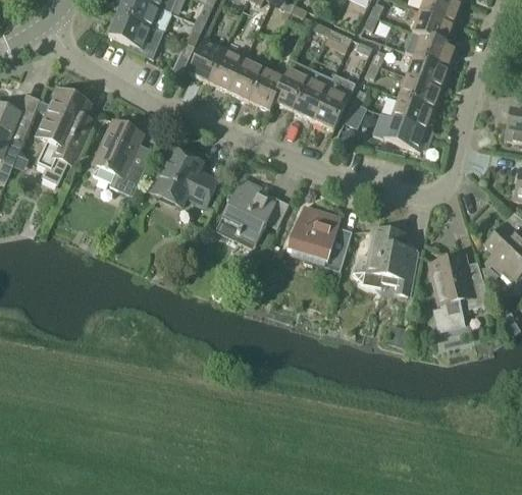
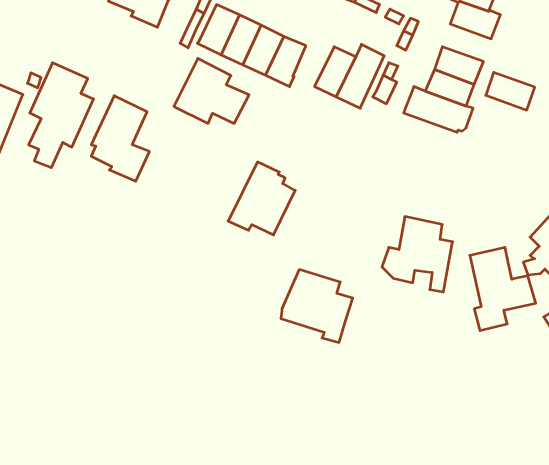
building: [407,54,451,88] -> [486,72,535,110]
building: [273,64,310,110] -> none
building: [151,147,218,205] -> [174,58,249,123]
building: [288,205,352,270] -> [281,270,353,342]

